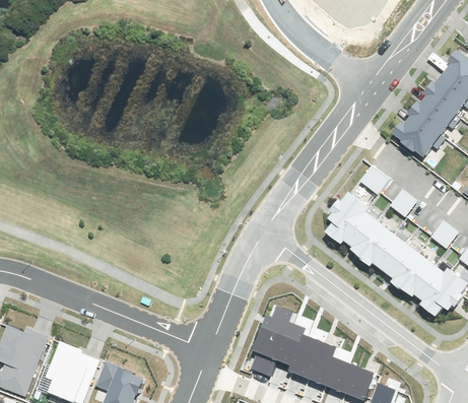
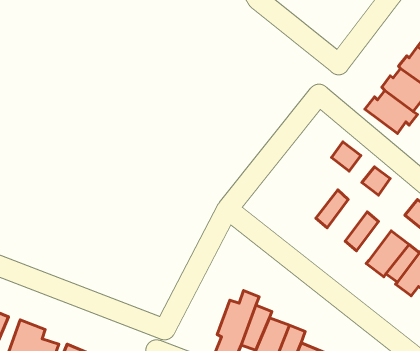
building: [327,192,370,243] -> none
building: [354,220,395,263] -> none
building: [385,242,418,279] -> none

